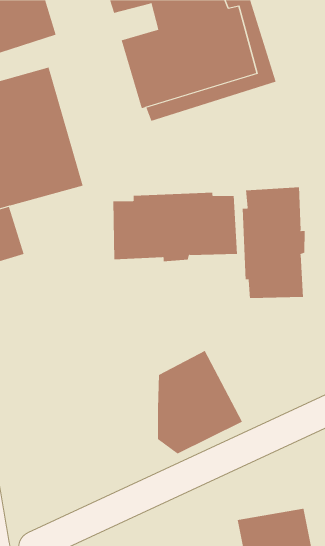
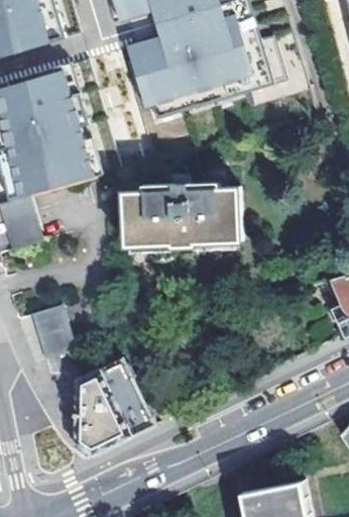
building: [242,186,305,299] -> none
building: none -> [30,306,73,358]
building: [157,350,243,454] -> [75,357,155,455]

